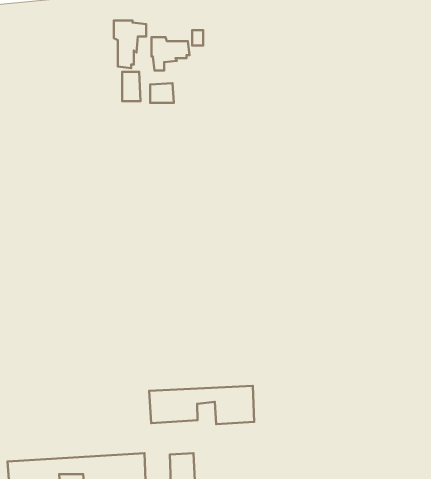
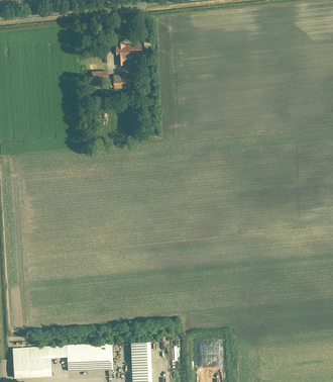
building: [114,21,146,68] -> none
building: [149,386,254,424] -> none

